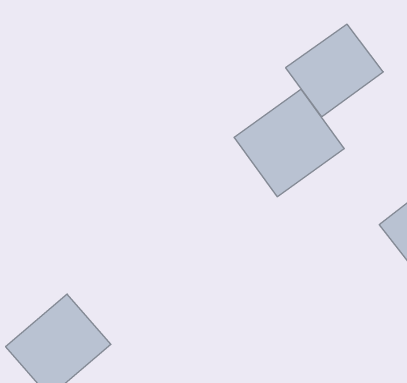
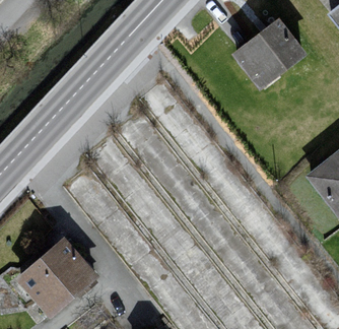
building: [234,89,344,197] -> none

